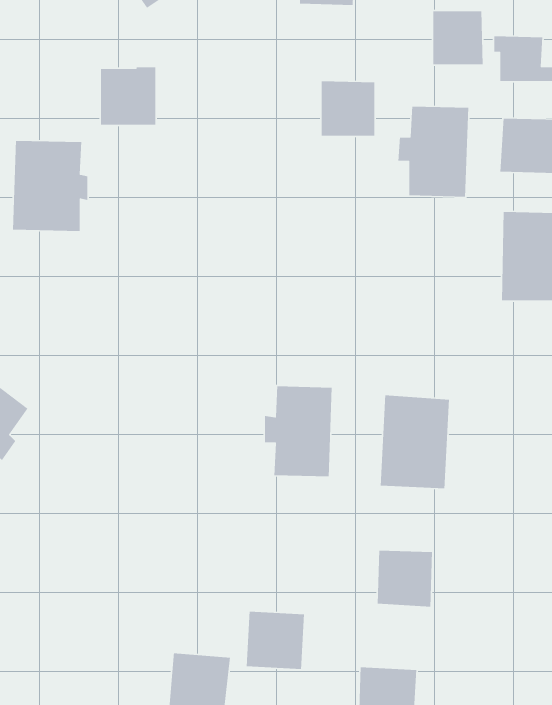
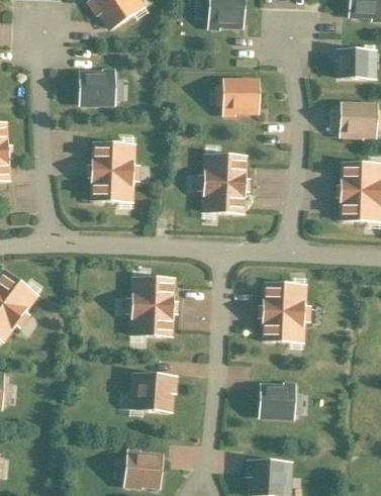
building: [432,10,484,65] -> none
building: [398,106,469,197] -> [200,154,247,213]
building: [12,140,88,232] -> [89,141,138,201]
building: [264,386,333,477] -> [129,276,174,335]
building: [246,611,305,670] -> [135,373,174,411]

